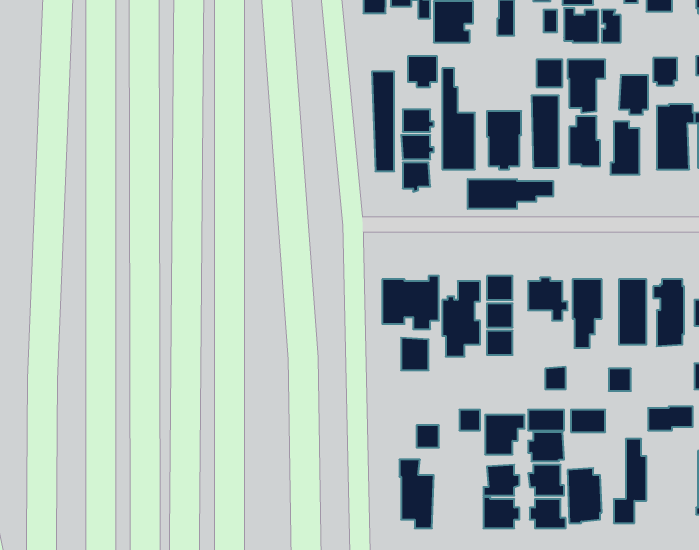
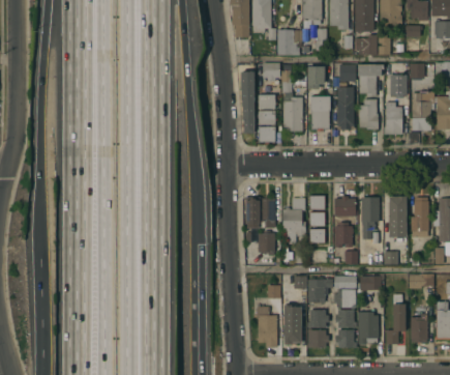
building: none -> [307,66,332,89]
building: [468,179,553,209] -> none
building: none -> [334,223,352,248]
building: none -> [283,306,301,344]
building: none -> [411,314,427,343]

